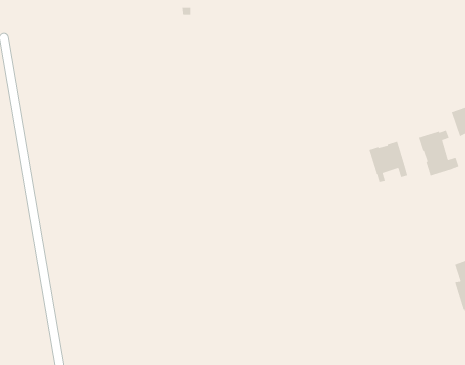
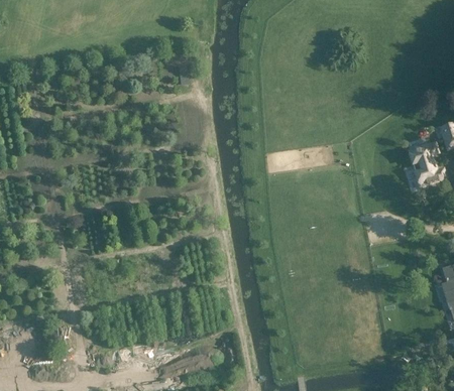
building: [368,140,408,183] -> none

